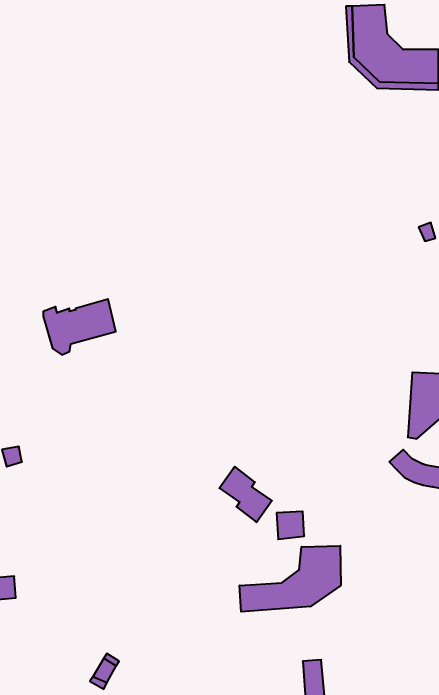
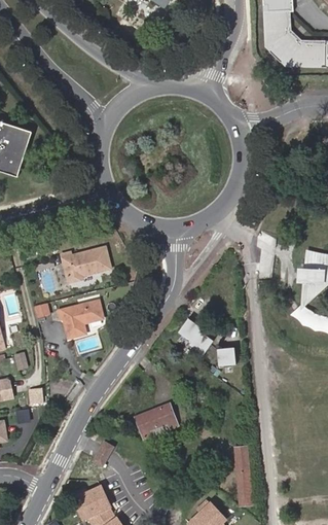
building: [43,299,116,355] -> [61,246,109,283]
building: none -> [58,301,102,338]
building: [240,546,341,612] -> none
building: none -> [137,404,175,436]

